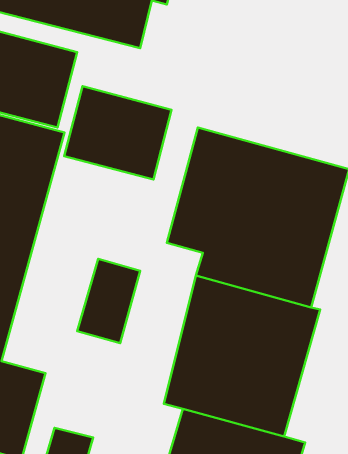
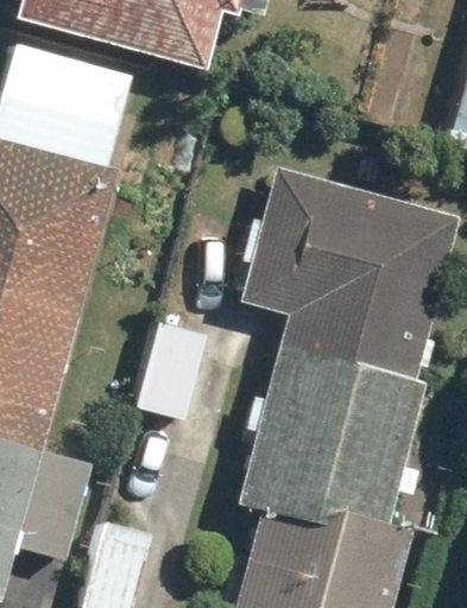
building: [64,86,172,180] -> none

